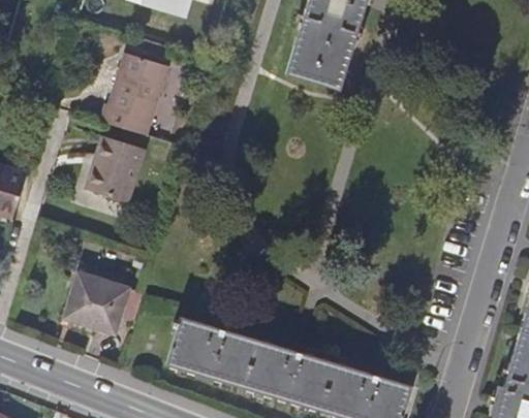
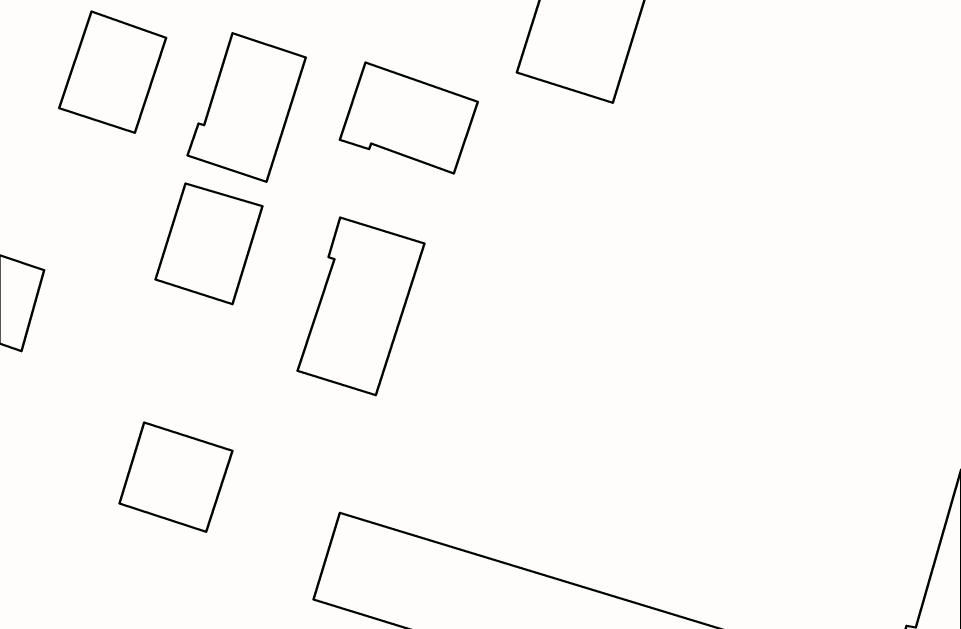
building: none -> [59,11,166,133]
building: none -> [340,63,478,174]
building: none -> [297,217,425,395]

